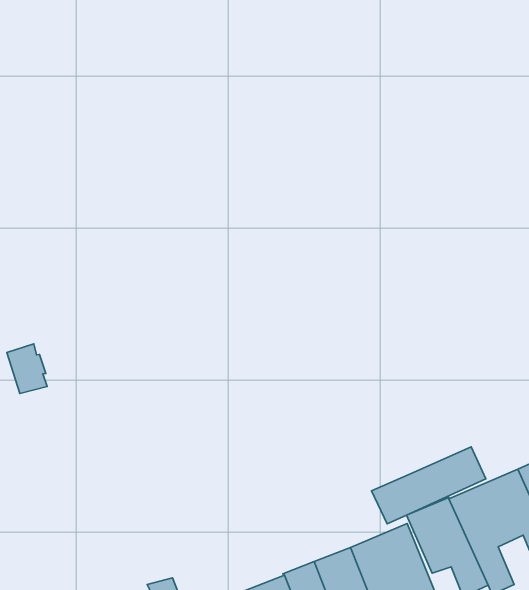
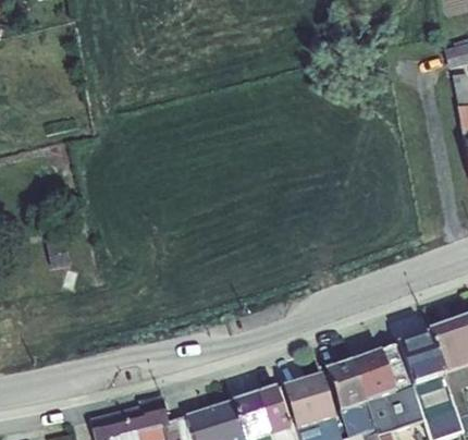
building: [372,447,486,524] -> none

